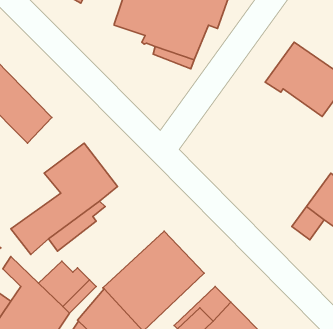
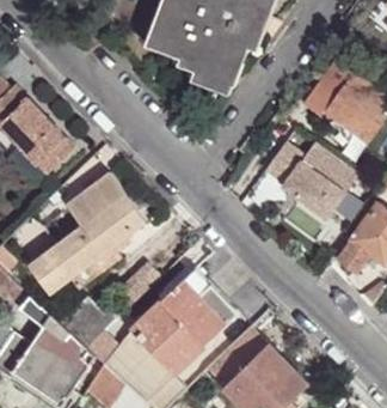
building: none -> [263,144,360,221]

